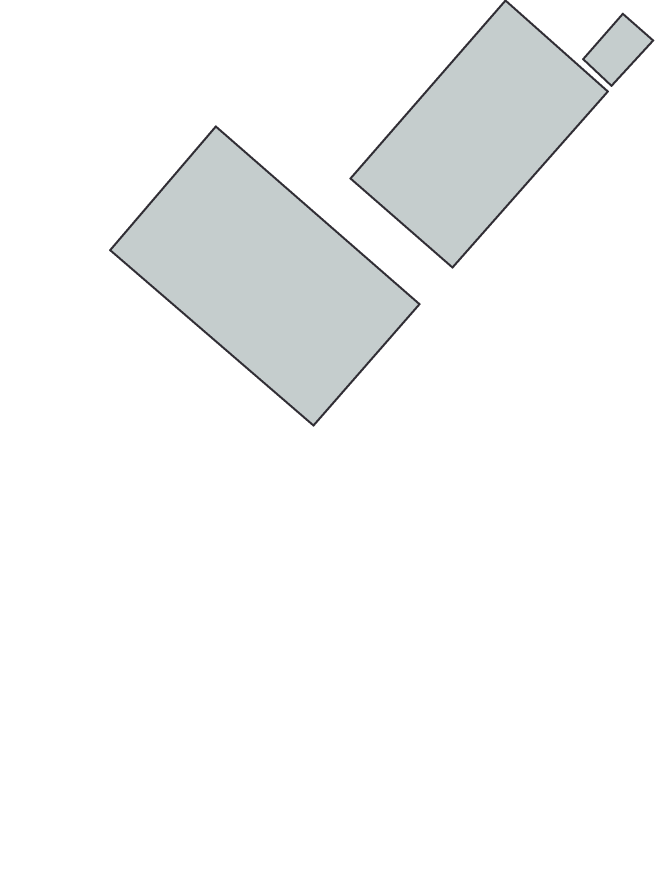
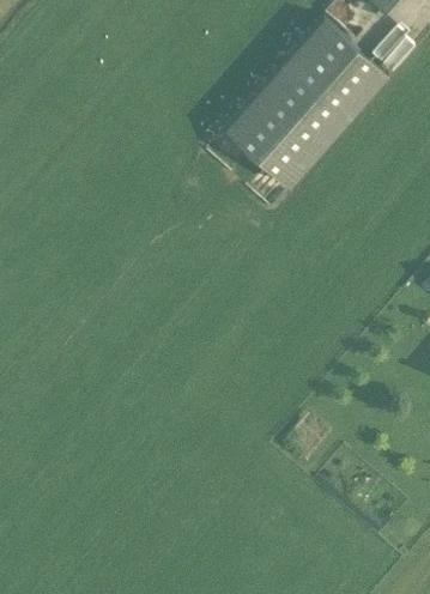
building: [110,127,419,425] -> none

